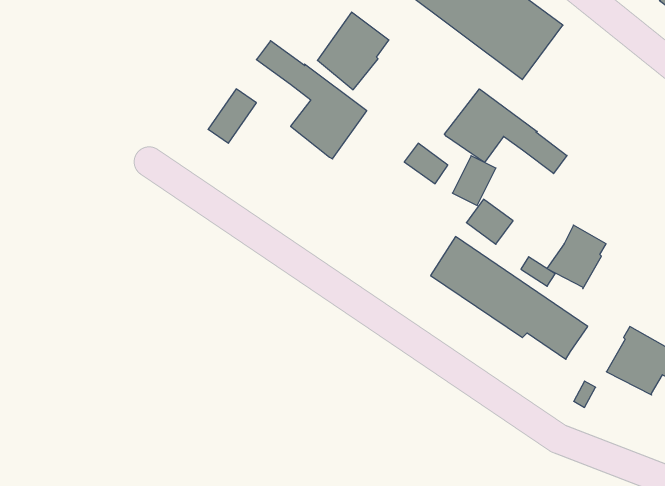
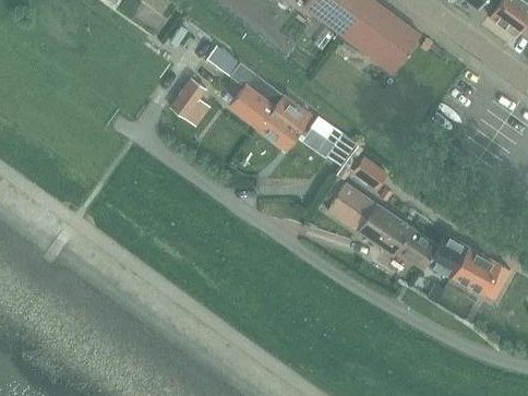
building: [317,12,389,90] -> [260,95,310,149]
building: [444,89,567,174] -> none
building: [547,225,606,289] -> [427,233,468,278]

